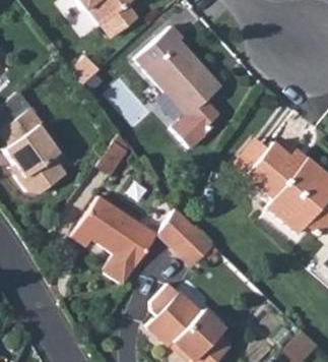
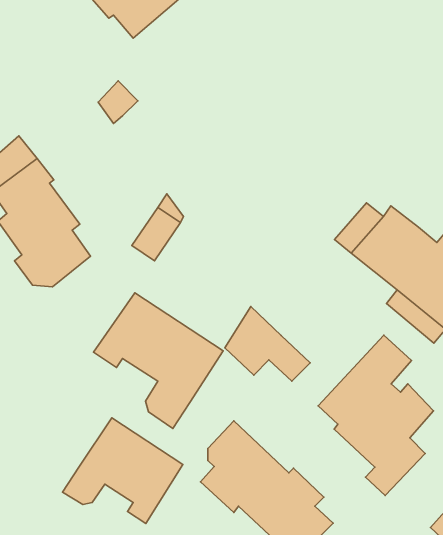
building: [134,21,219,144] -> none
building: none -> [318,335,434,496]
building: none -> [62,418,183,523]

